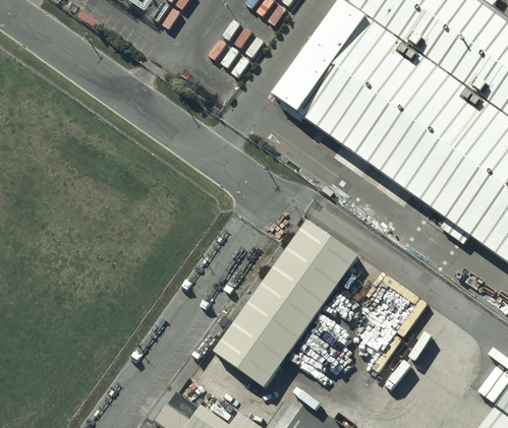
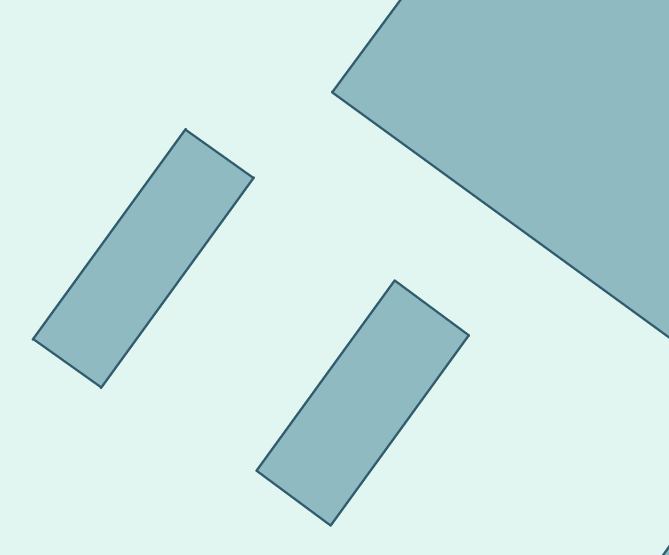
building: none -> [33,129,254,388]

